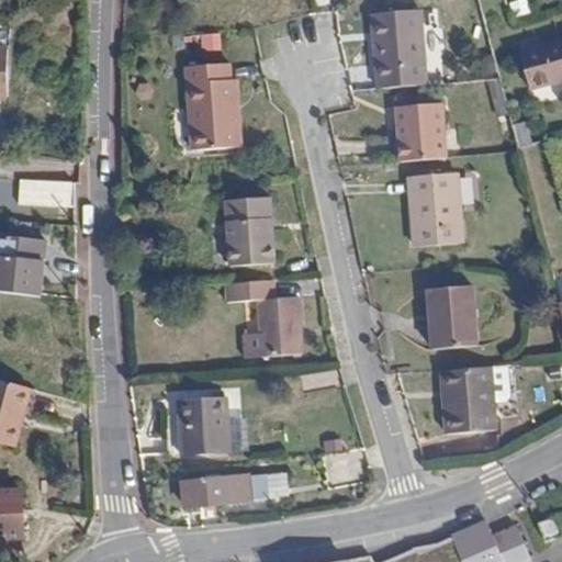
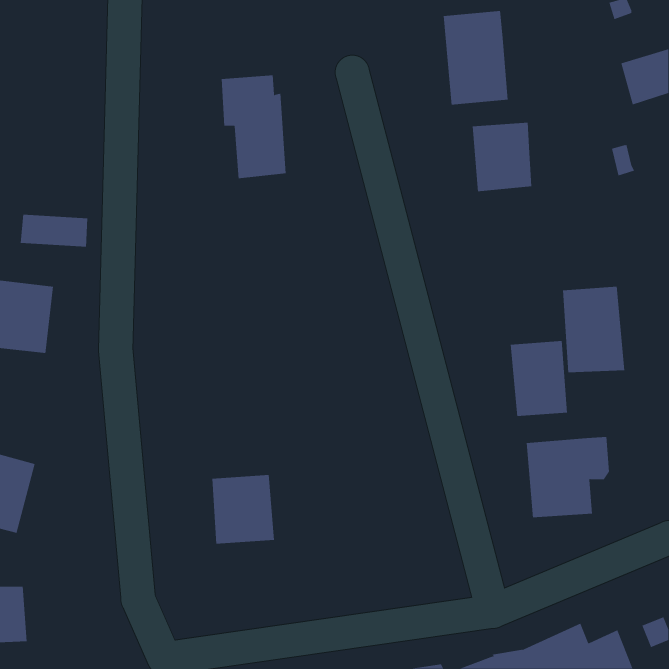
building: [408,172,461,245] -> [562,286,625,373]
building: [224,196,273,266] -> none
building: [225,279,301,357] -> none
building: [181,473,267,513] -> none

